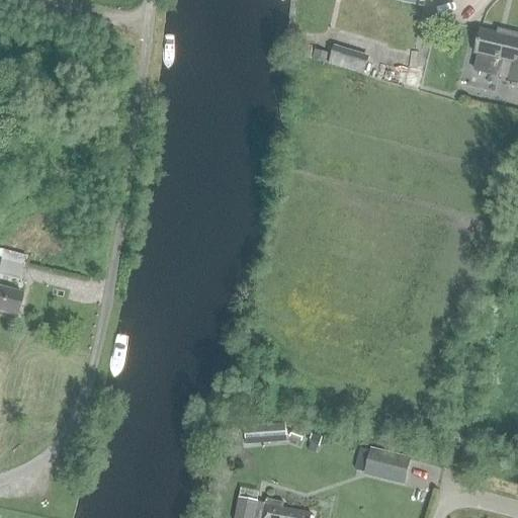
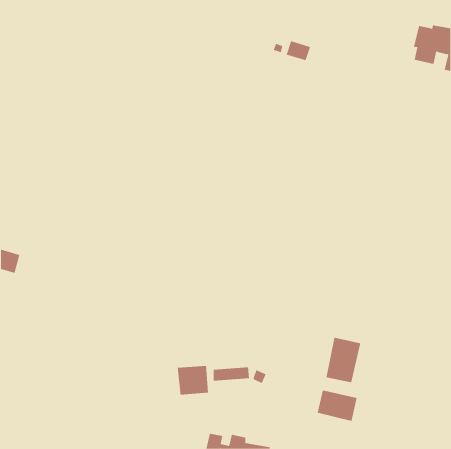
building: none -> [326,337,361,383]
building: none -> [177,365,209,395]

